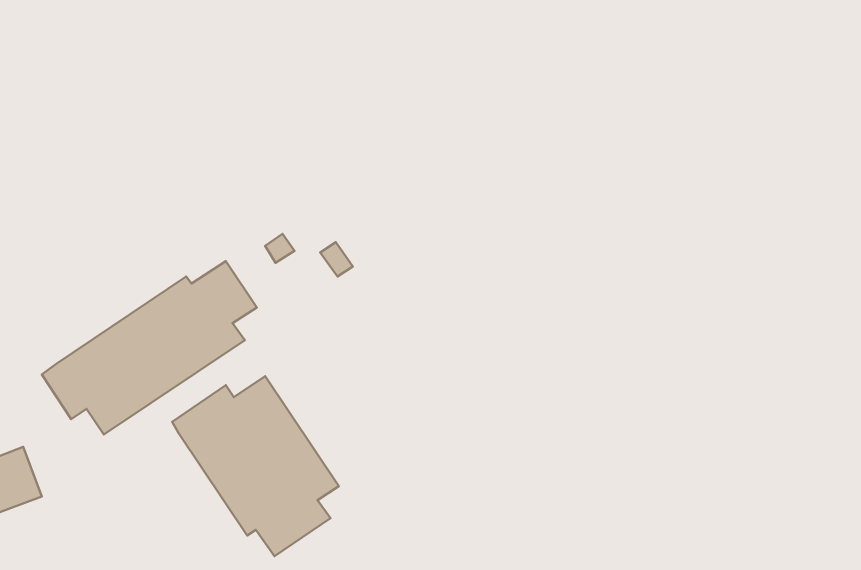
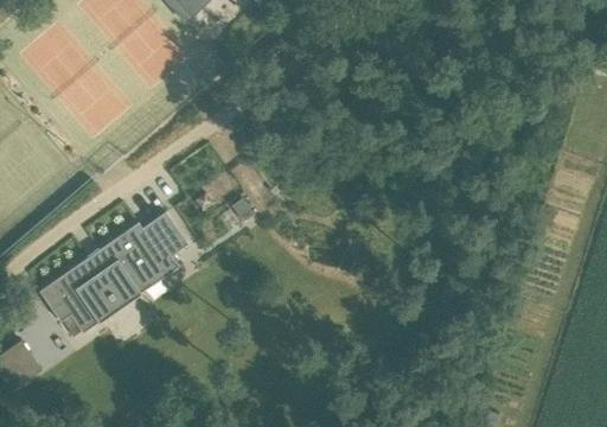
building: [172,376,339,556] -> none

